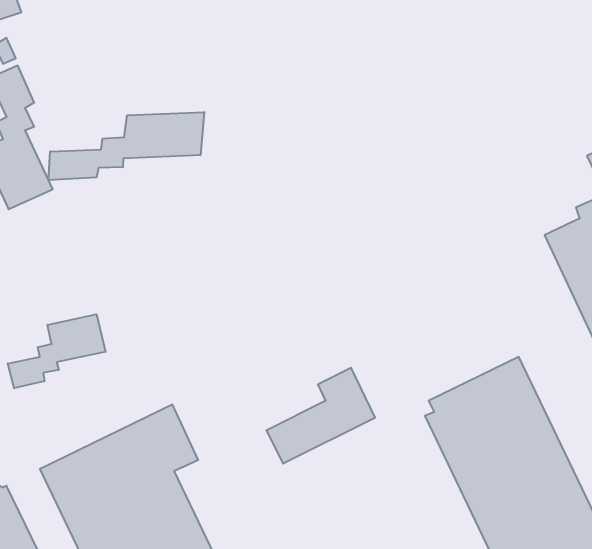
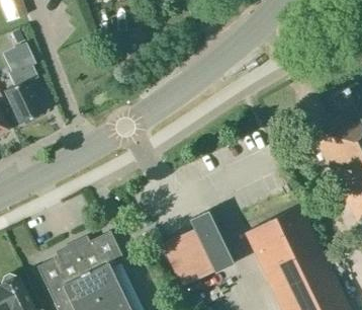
building: [48,112,204,180] -> none
building: [8,314,105,388] -> none
building: none -> [171,237,235,286]

